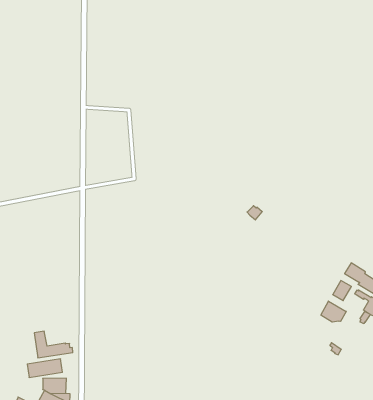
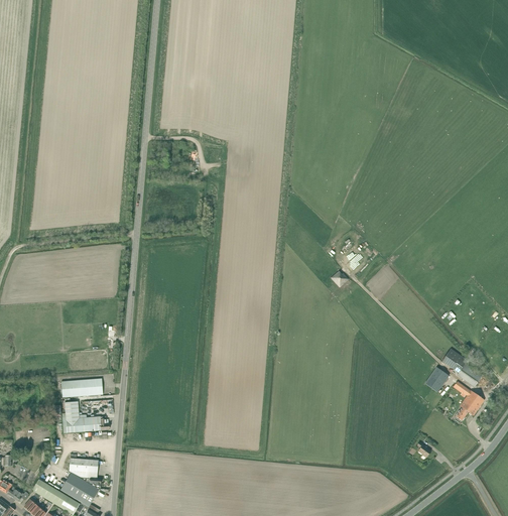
building: [321,301,346,322] -> none
building: [27,359,62,377] -> [60,378,102,397]

